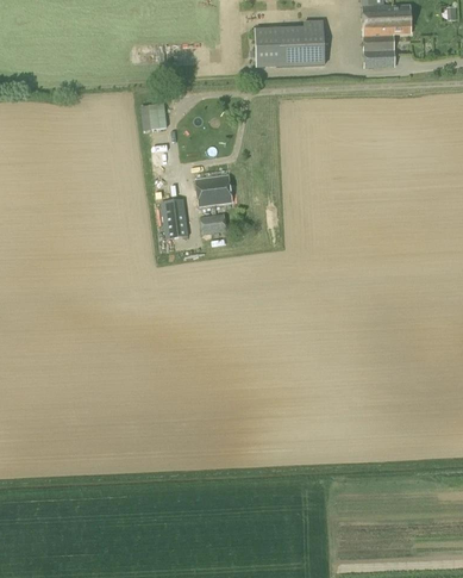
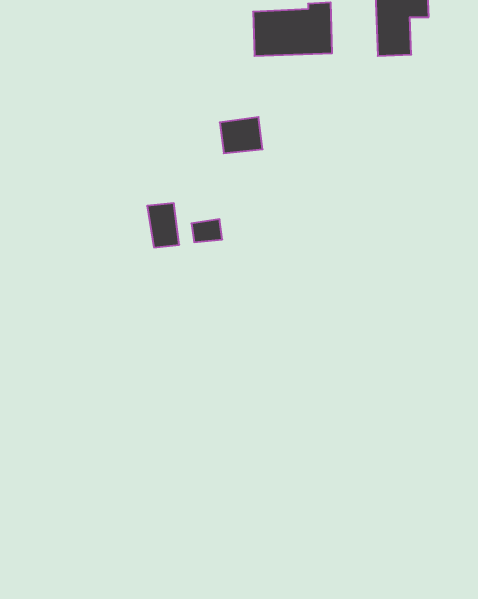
building: [140,101,168,129] -> none
building: [195,173,233,205] -> [220,117,263,153]

